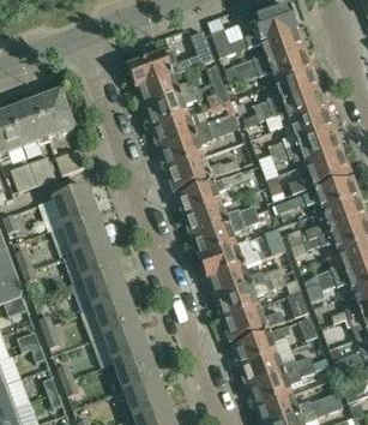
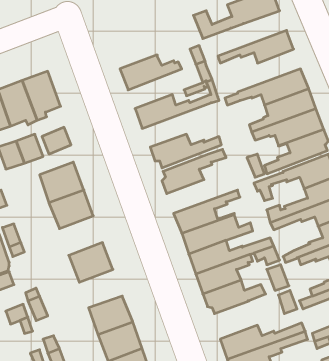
building: [233,28,307,74] -> none
building: [127,34,215,88] -> none
building: [253,67,321,112] -> none
building: [144,88,201,128] -> none
building: [158,122,233,168] -> none
building: [183,202,257,237] -> none
building: [73,239,117,280] -> none
building: [82,294,138,339] -> none
building: [234,324,290,366] -> none

